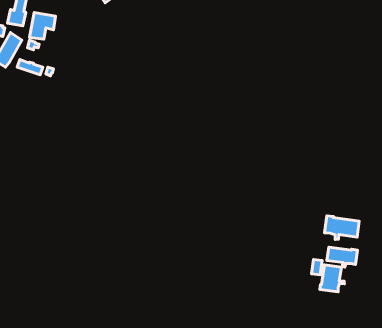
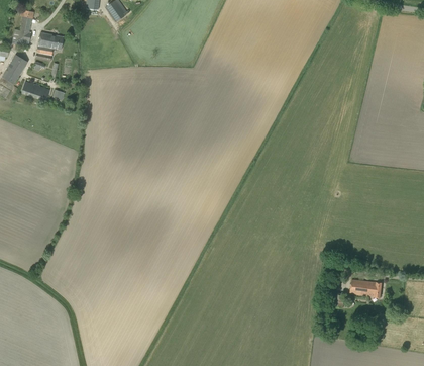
building: [325,216,359,239] -> none
building: [320,265,344,292] -> none

